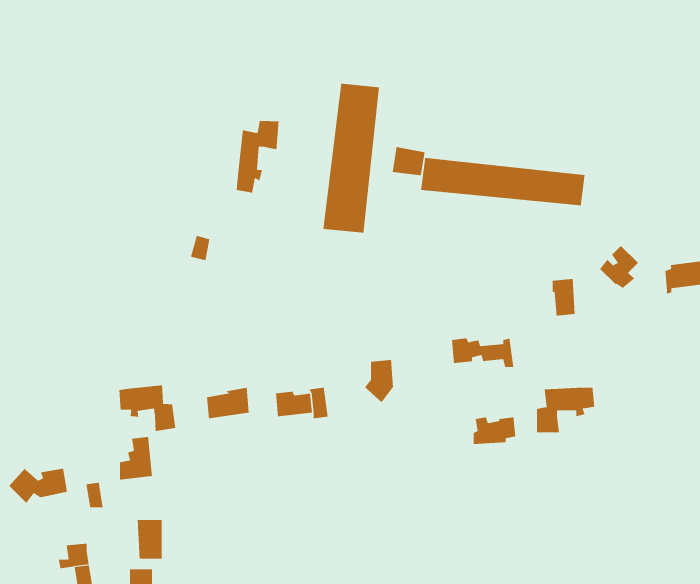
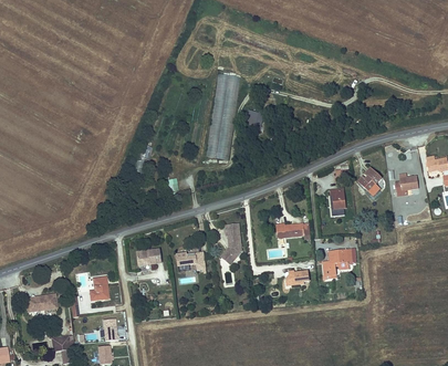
building: [236,120,279,194] -> none
building: [421,157,585,206] -> none
building: [119,385,176,432] -> none

